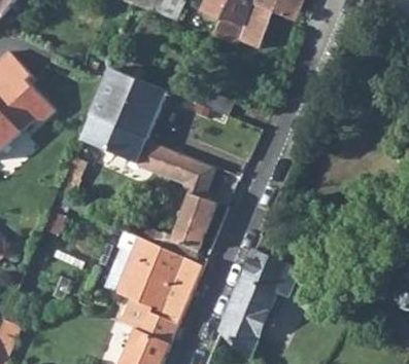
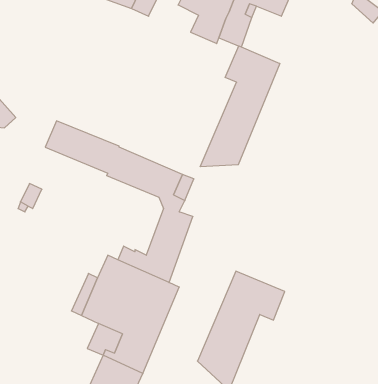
building: none -> [200,46,280,167]
building: [91,68,172,138] -> none

